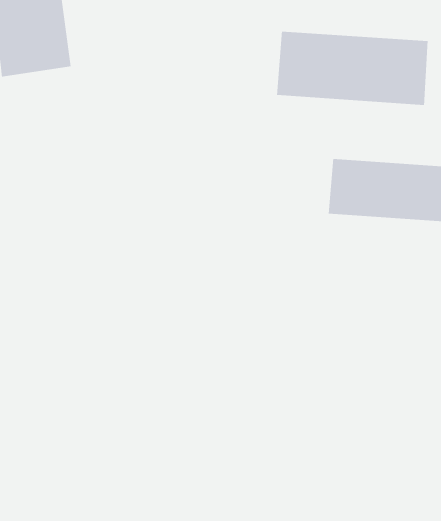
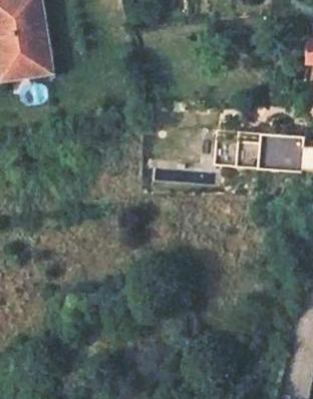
building: [276,31,428,106] -> none

